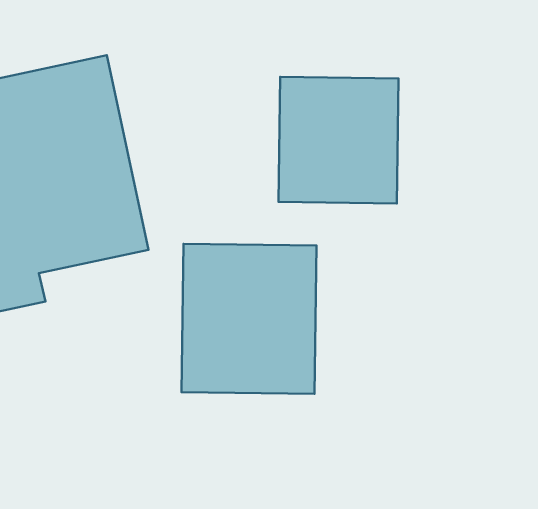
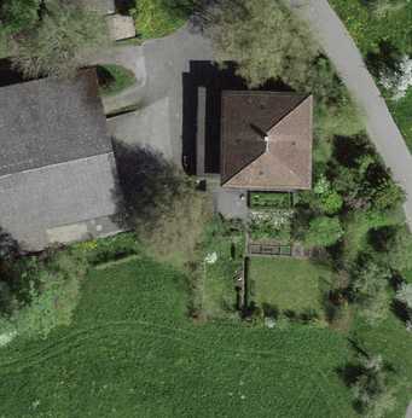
building: [182,244,317,394] -> none

